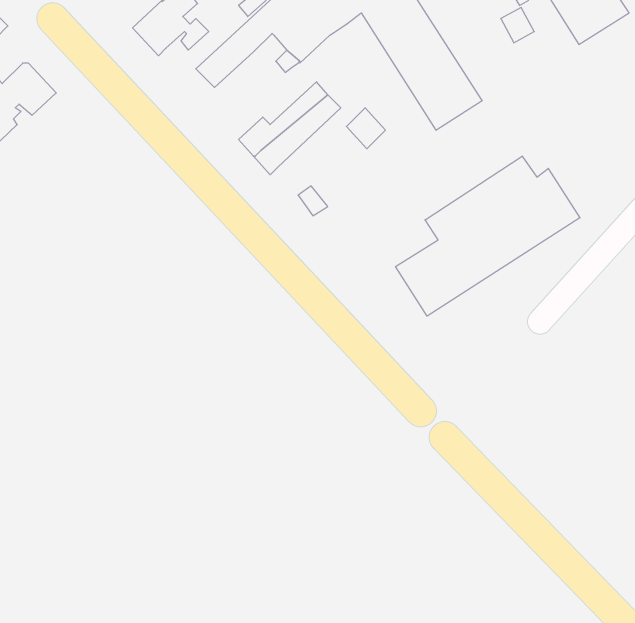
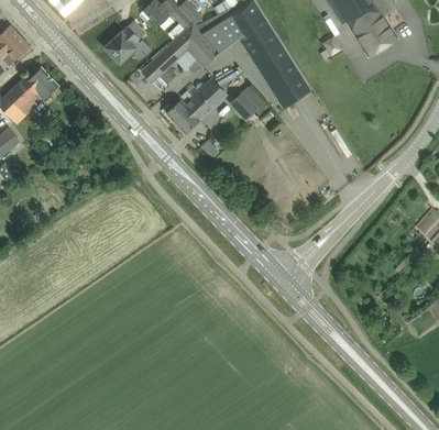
building: [396,156,580,316] -> none

